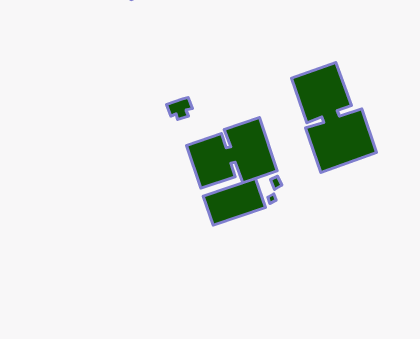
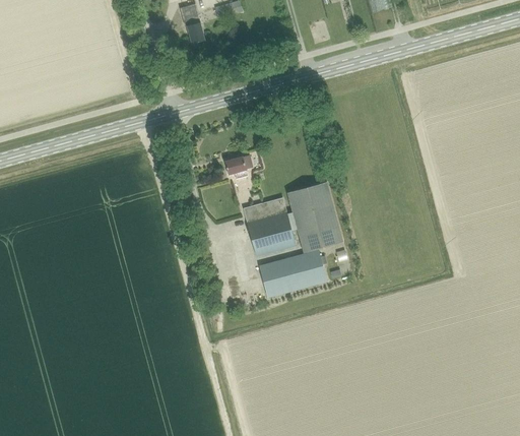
building: [291,63,376,172] -> none

